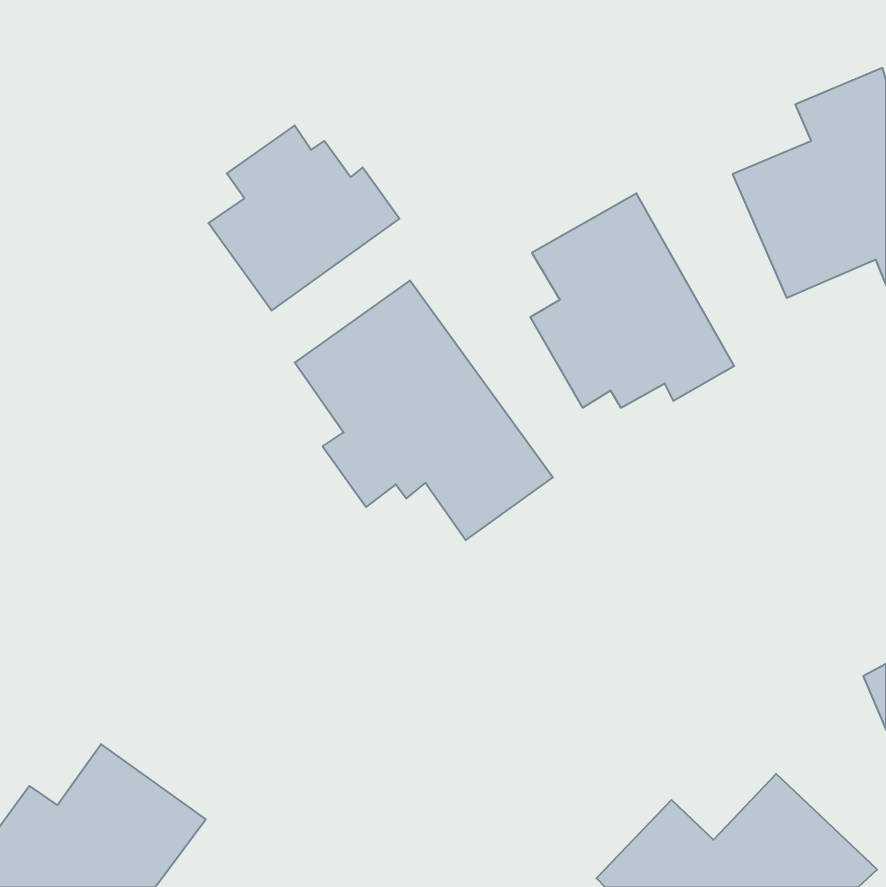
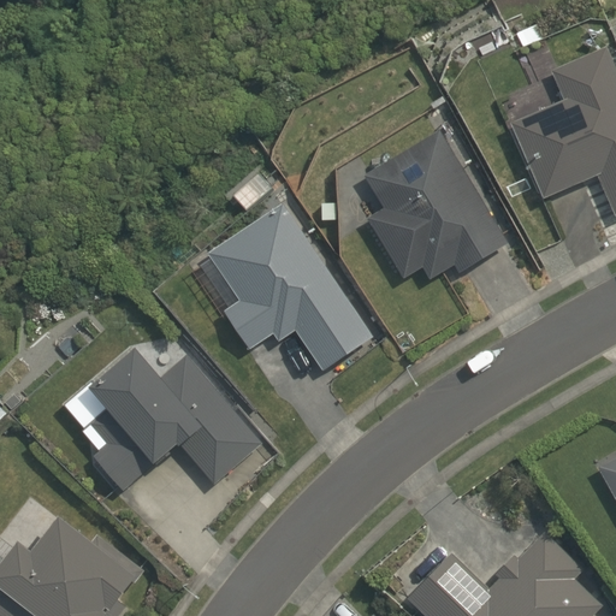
building: [208,125,399,311] -> none
building: none -> [88,350,260,492]

